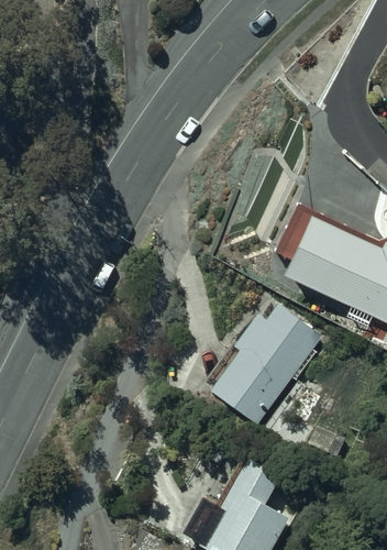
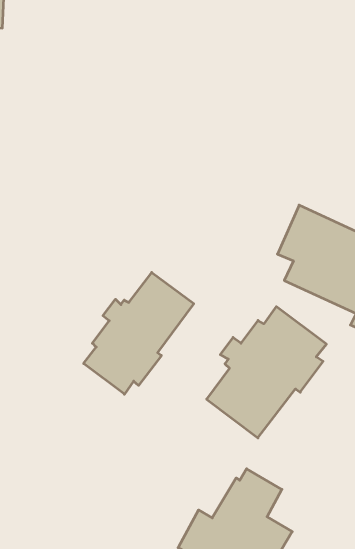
building: none -> [84,272,194,394]

